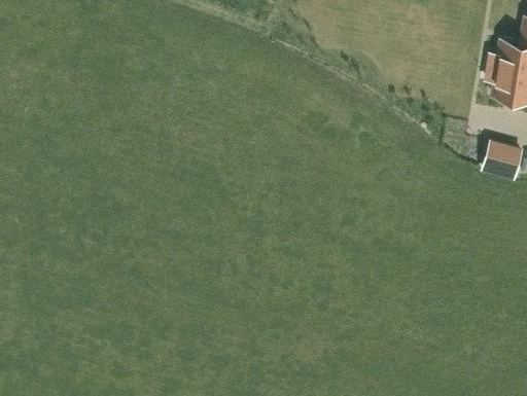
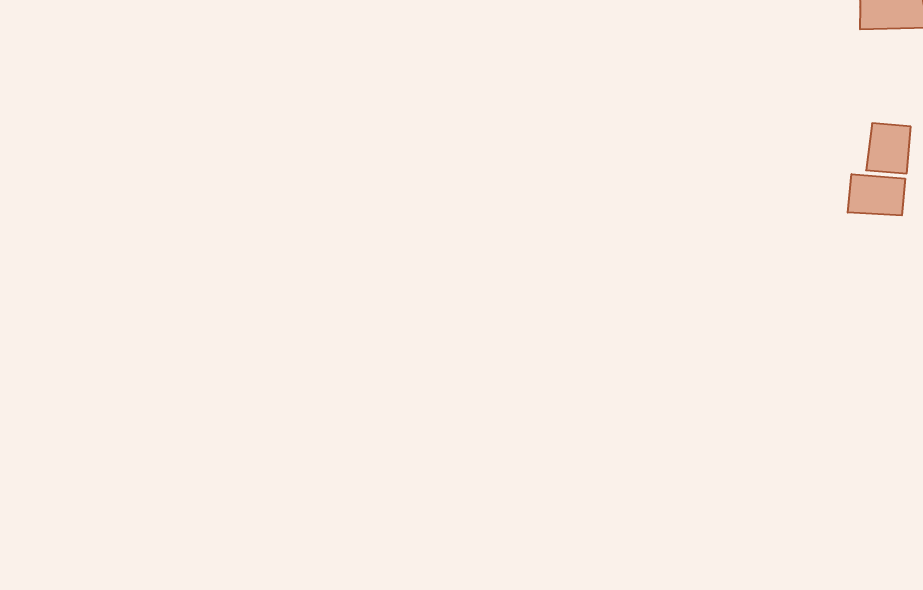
building: none -> [848,174,905,215]

